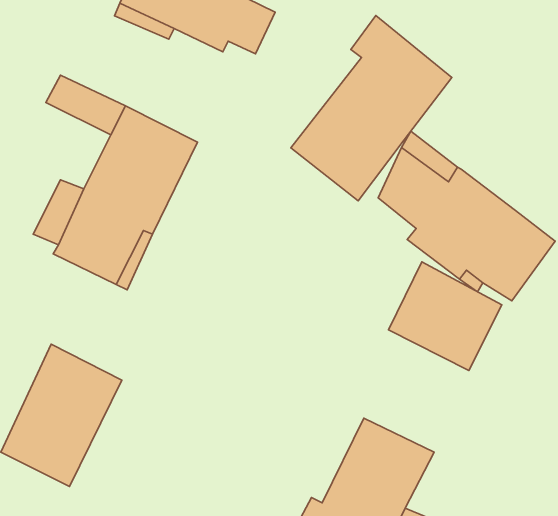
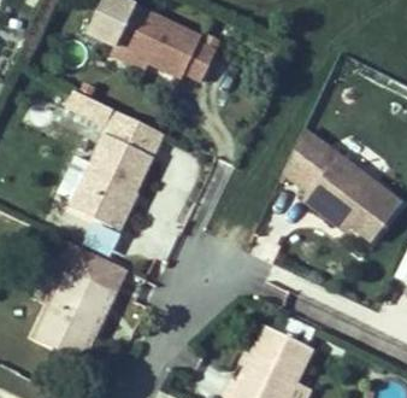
building: [291,15,452,201] -> none
building: [389,262,502,371] -> none
building: none -> [59,250,118,295]

